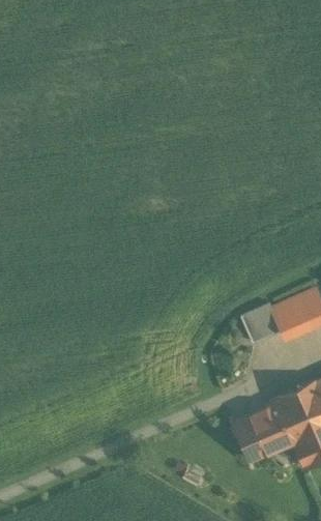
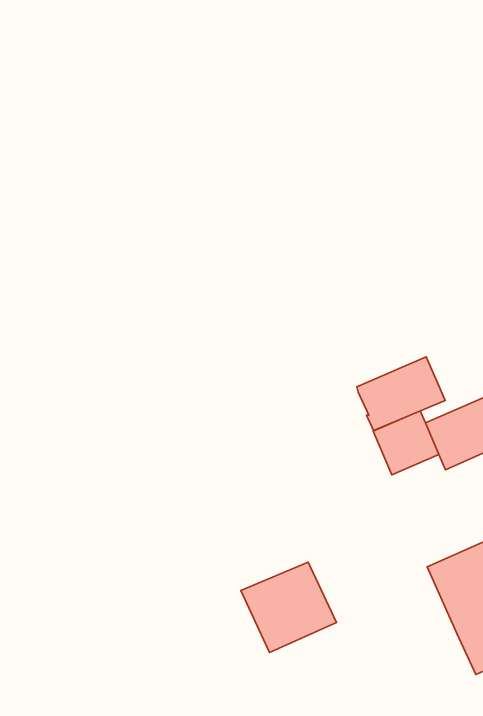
building: none -> [357,357,445,431]
building: [235,404,294,460] -> [241,562,337,653]

